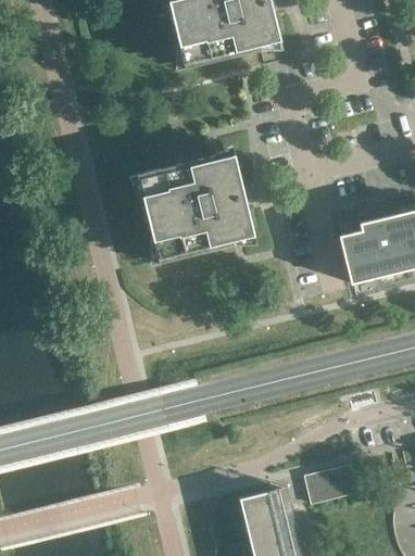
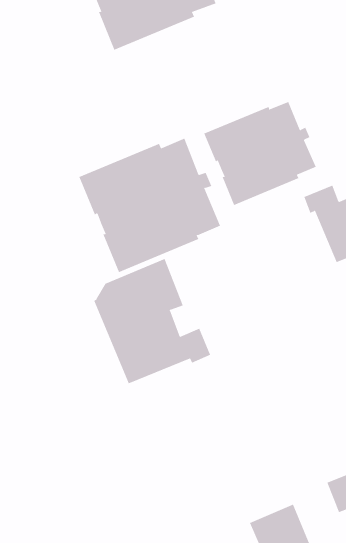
building: none -> [204,101,317,206]
building: none -> [94,258,211,384]

